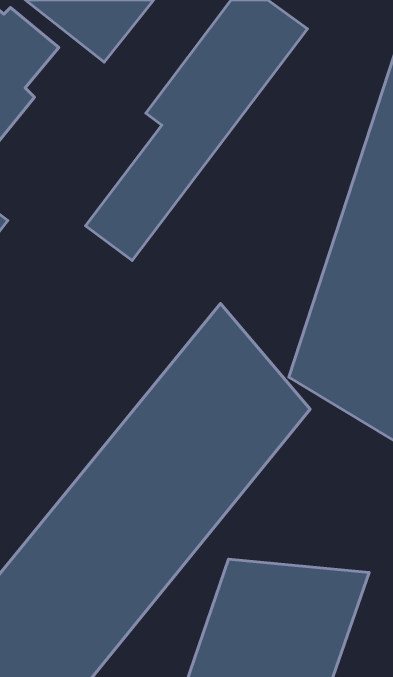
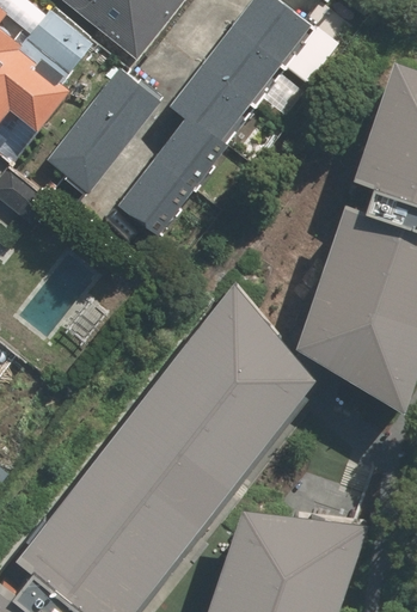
building: none -> [50,73,160,196]

